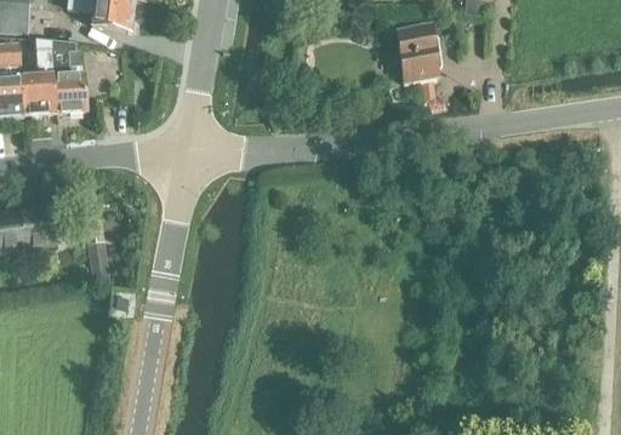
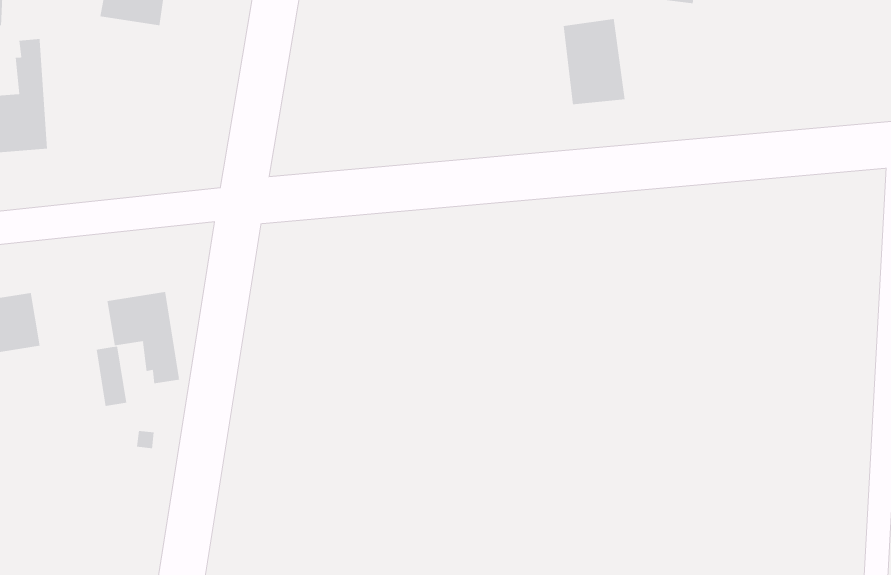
building: [52,39,87,110] -> none
building: none -> [107,291,180,384]

